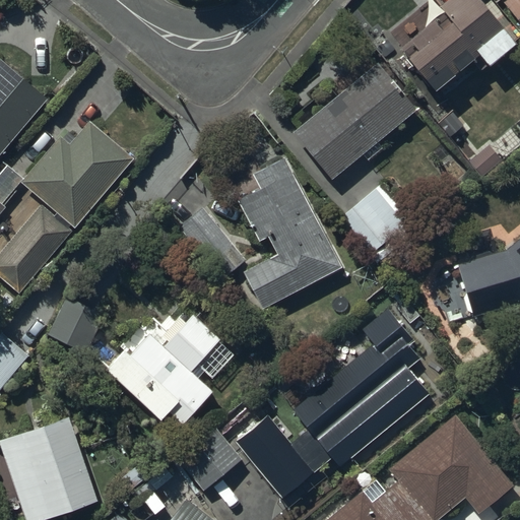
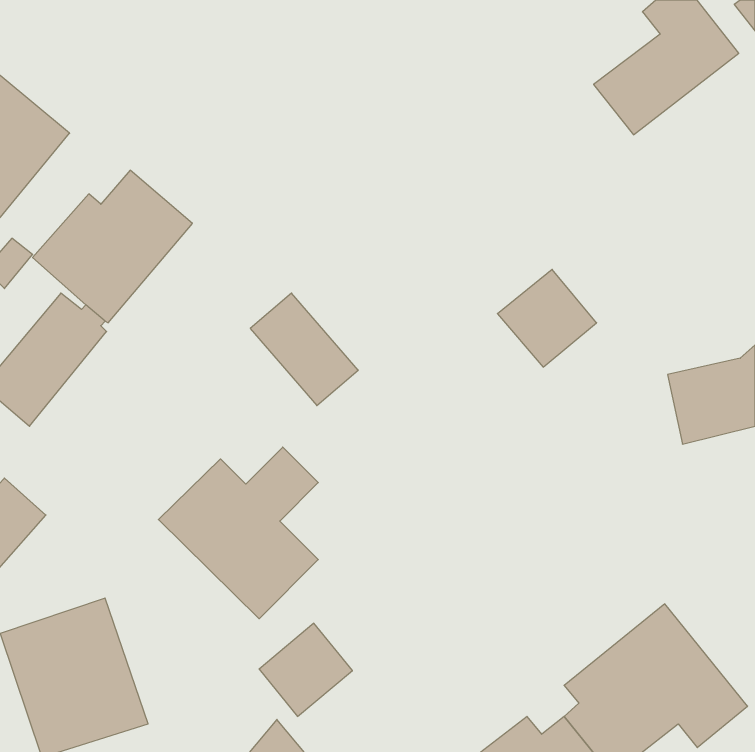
building: [292,65,415,179] -> none
building: [234,158,337,308] -> none
building: [47,292,104,349] -> none
building: [236,312,429,503] -> none

